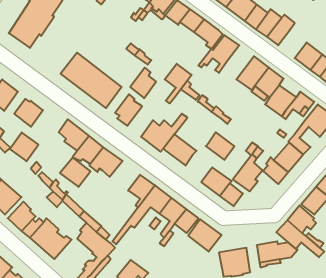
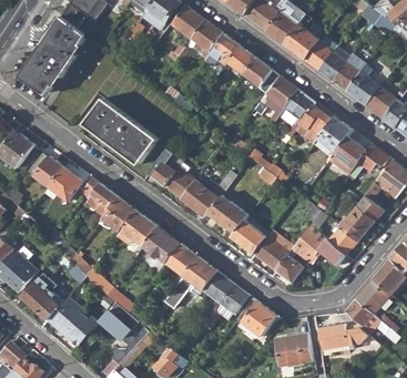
building: none -> [344,70,378,104]
building: [165,64,192,103] -> [283,89,315,136]
building: [130,68,156,98] -> [163,162,194,198]
building: [206,132,234,160] -> [230,219,264,253]
building: [10,132,38,161] -> [48,166,82,201]
building: [60,157,90,187] -> [142,227,179,263]

